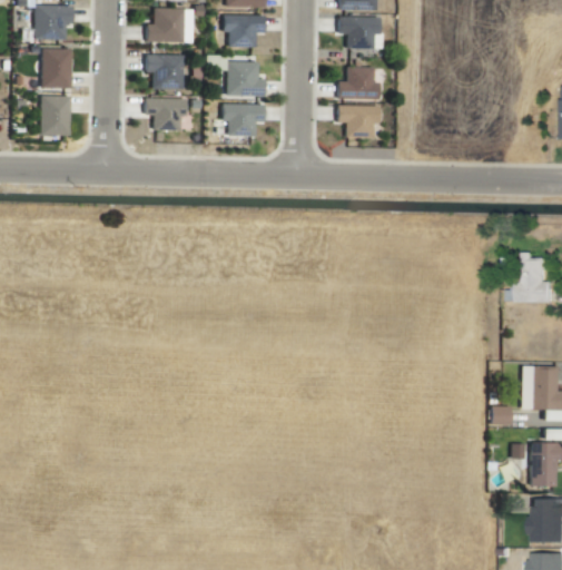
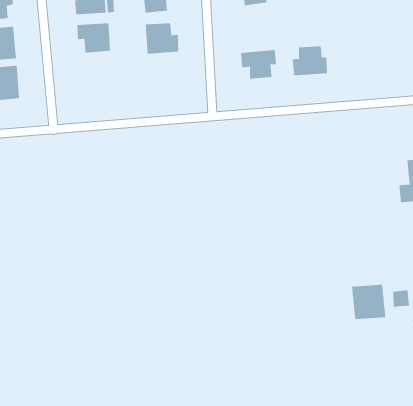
building: [337,66,379,100] -> [292,46,328,76]
building: [145,97,186,129] -> none
building: [223,104,265,137] -> none
building: none -> [352,284,386,320]

